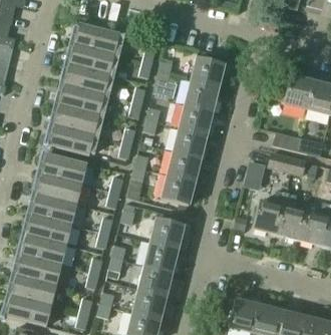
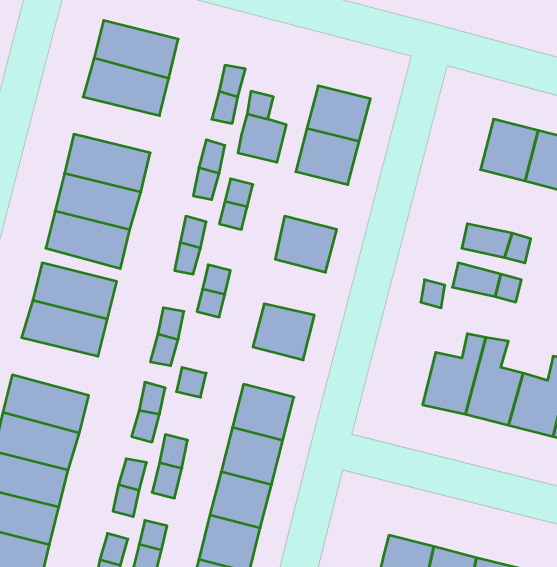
building: [64,62,110,92] -> none
building: [178,102,212,133] -> none
building: [167,149,200,180] -> none
building: [31,192,77,223] -> none

